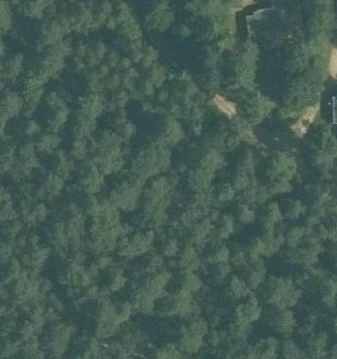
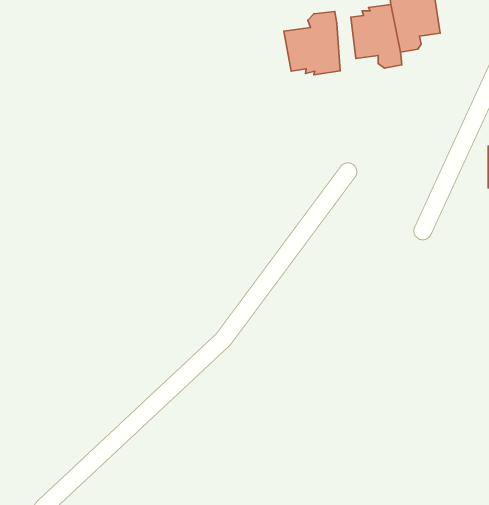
building: none -> [284,11,340,75]

